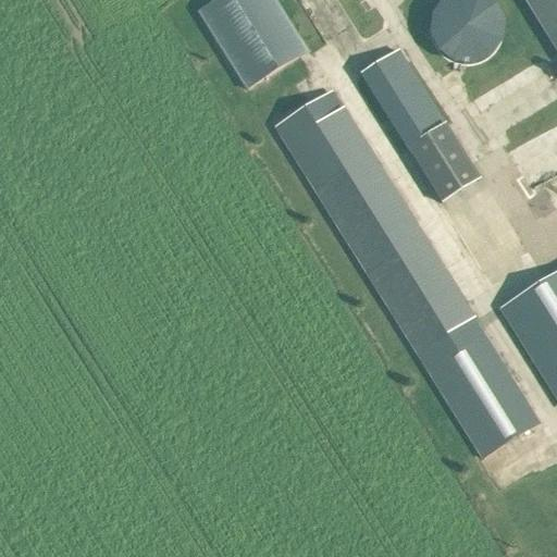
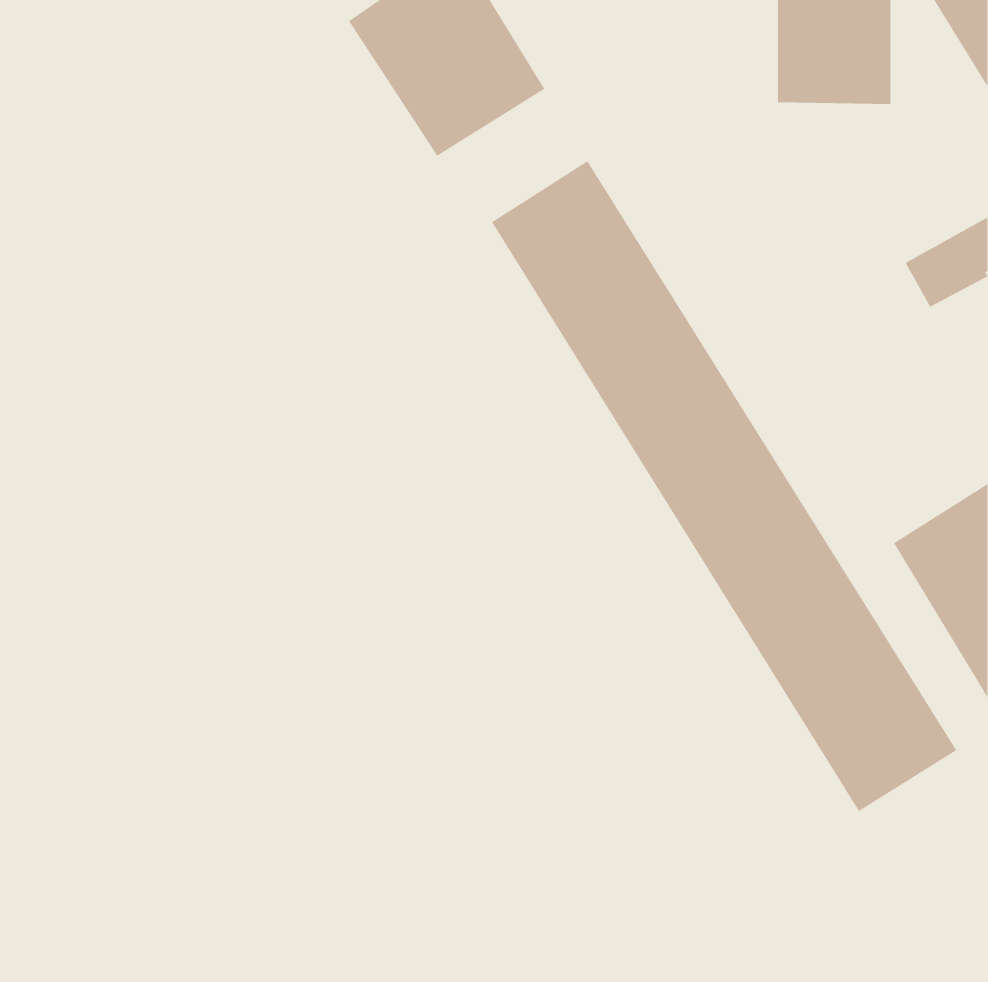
building: [366,46,481,203] -> none

